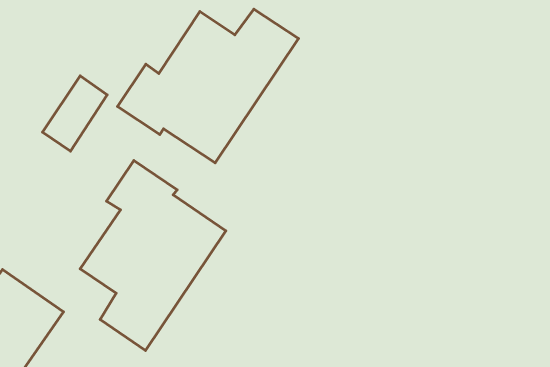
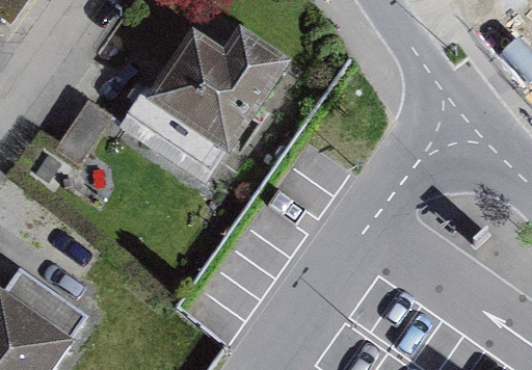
building: [80,161,226,350] -> none

